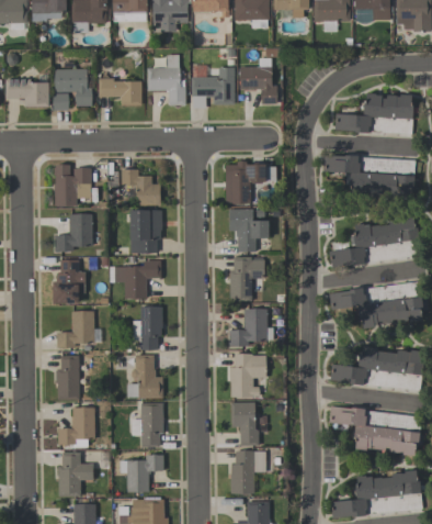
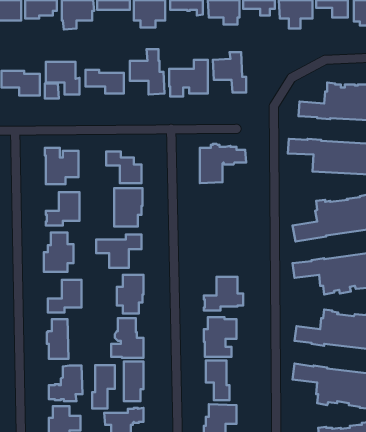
building: [229,209,270,252] -> none
building: [230,257,265,301] -> none
building: none -> [92,365,115,408]

